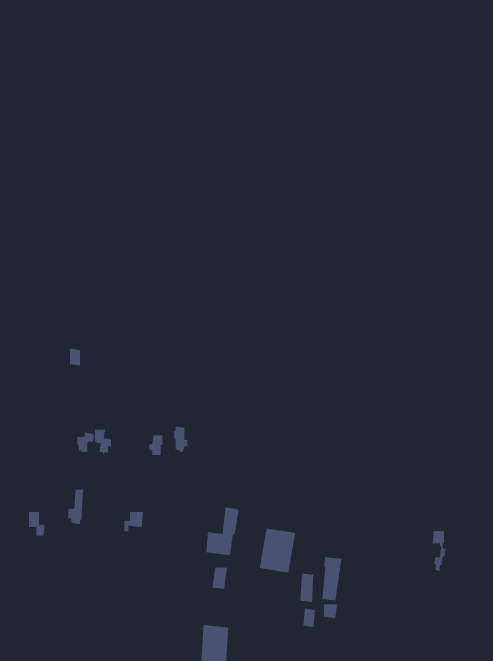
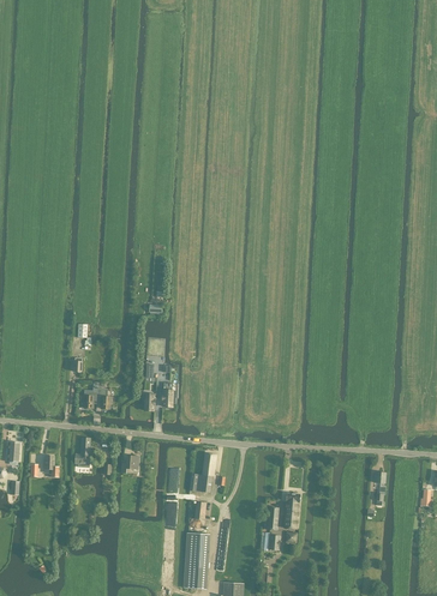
building: [259,528,296,574] -> none

